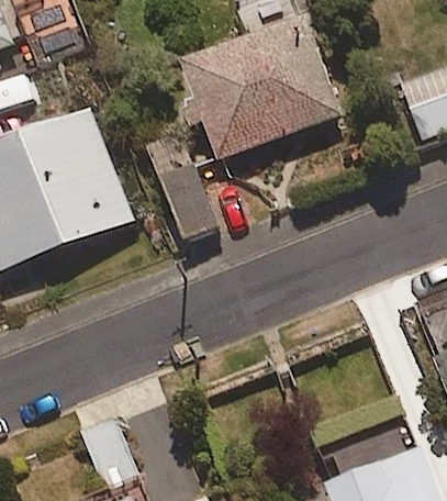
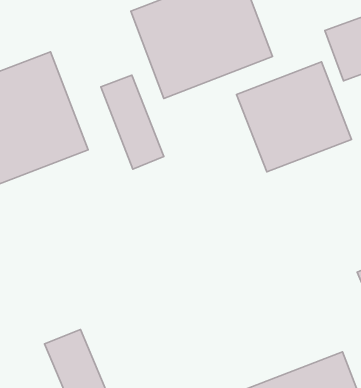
building: none -> [237,62,352,172]

